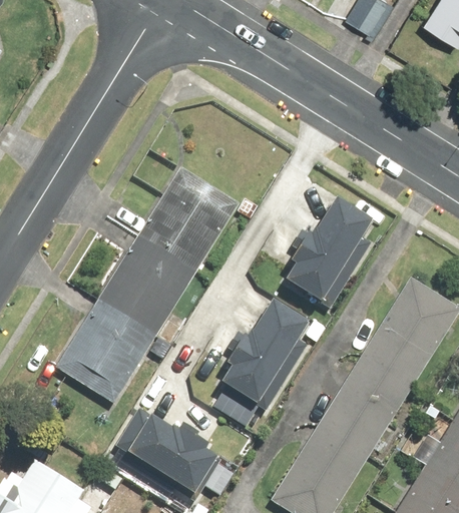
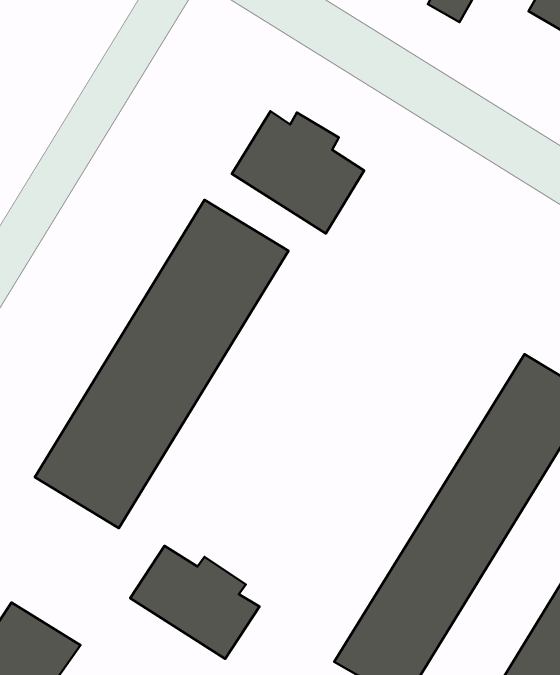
building: none -> [232,111,364,234]
building: [282,200,371,313] -> none
building: [218,301,308,414] -> none

